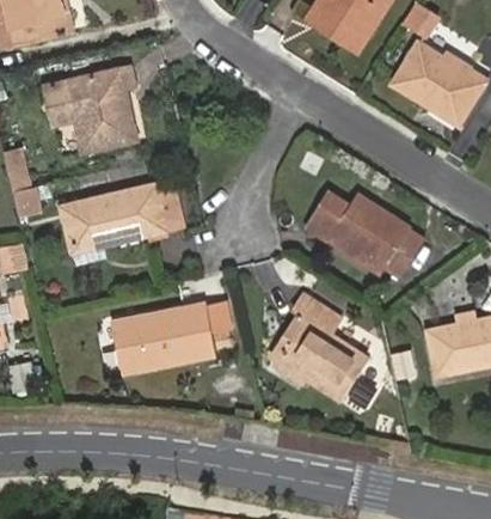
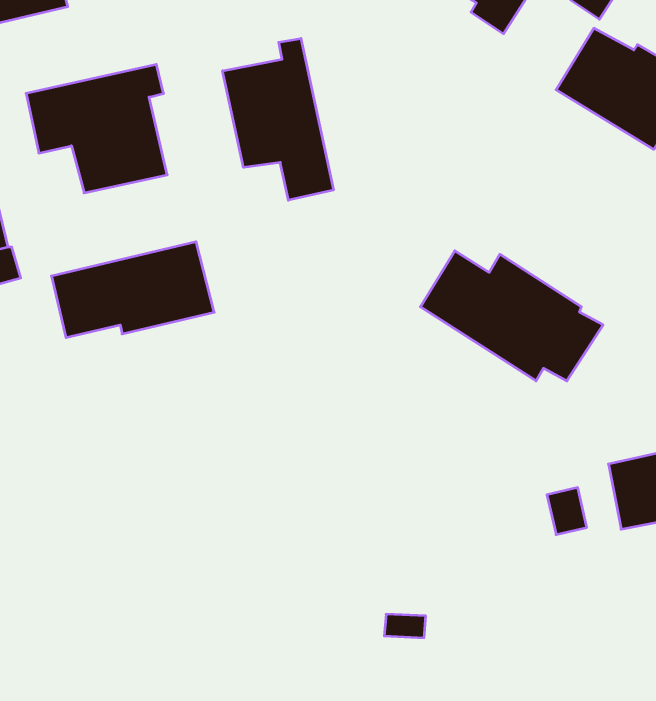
building: none -> [223,38,333,200]
building: [271,293,370,402] -> none
building: [111,303,216,373] -> none

